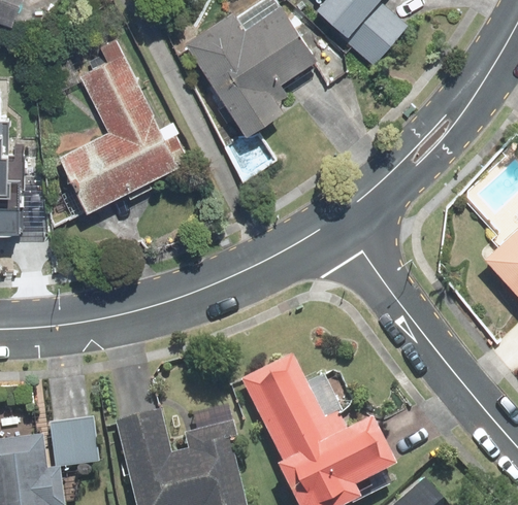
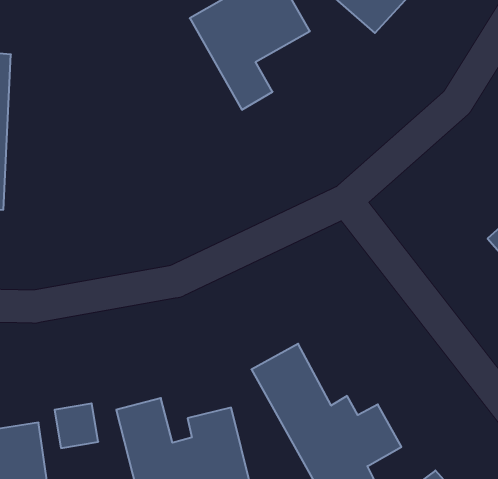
building: [60,52,173,210] -> none

